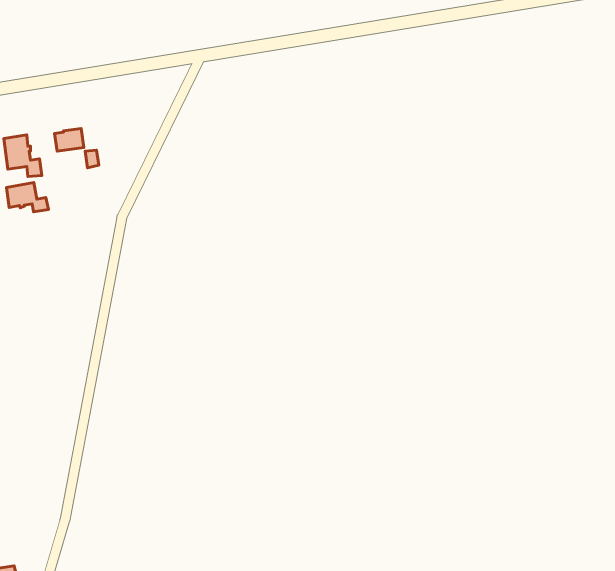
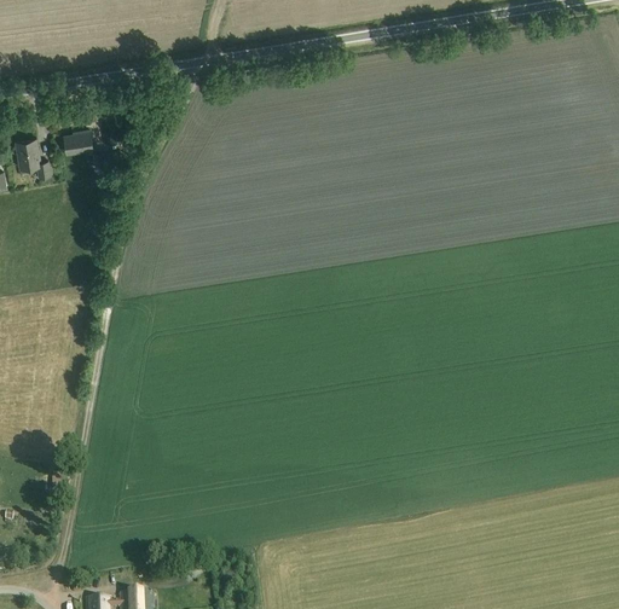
building: [6,182,48,212] -> none

